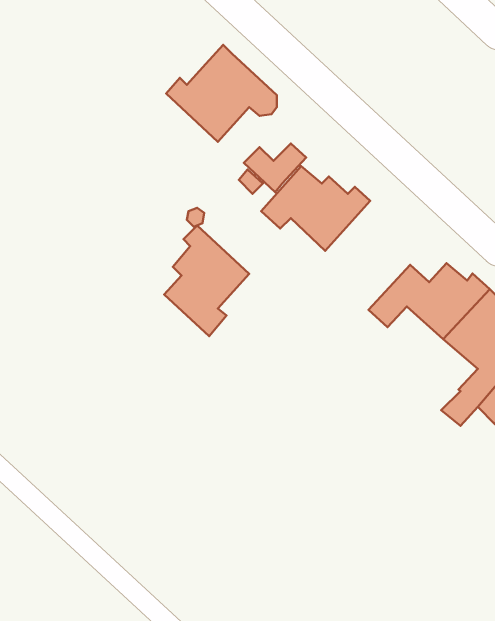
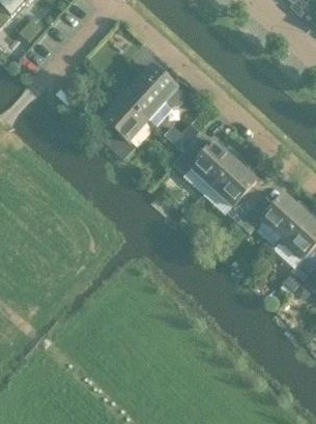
building: none -> [212,157,263,222]
building: [164,225,249,336] -> [97,92,148,159]

